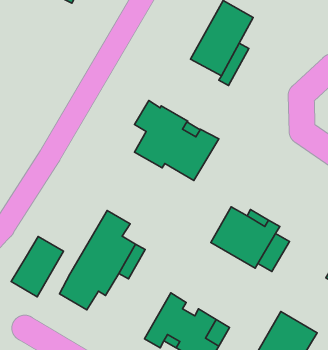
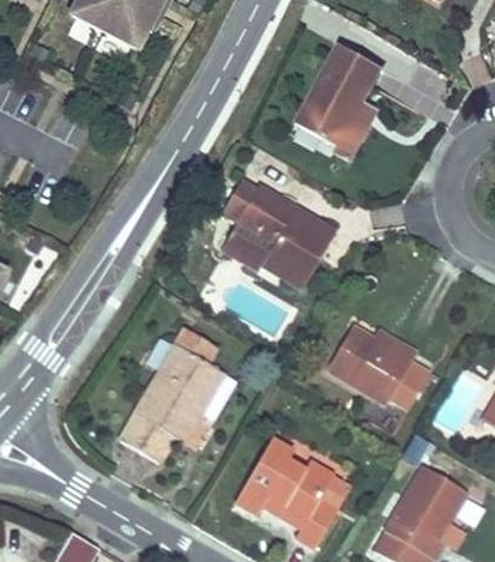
building: [11,236,64,297] -> none

